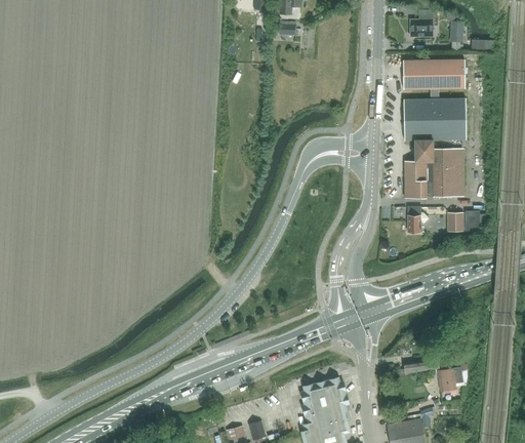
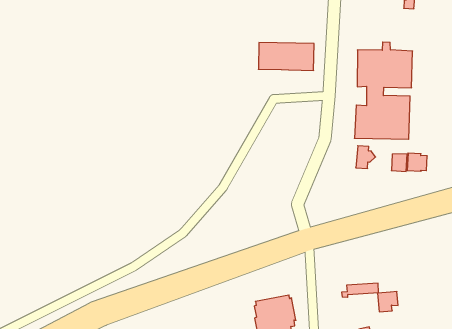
building: [402,58,465,90] -> [258,43,314,70]

